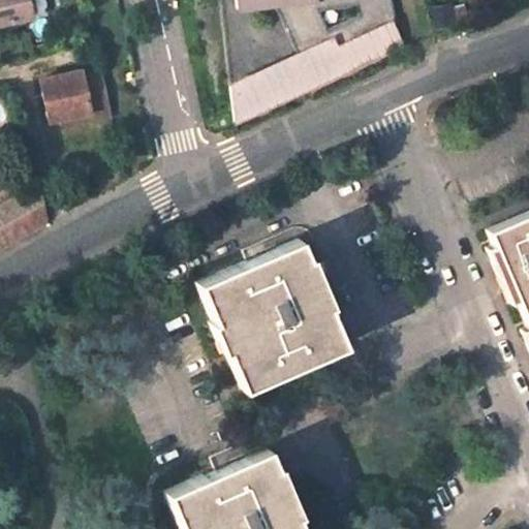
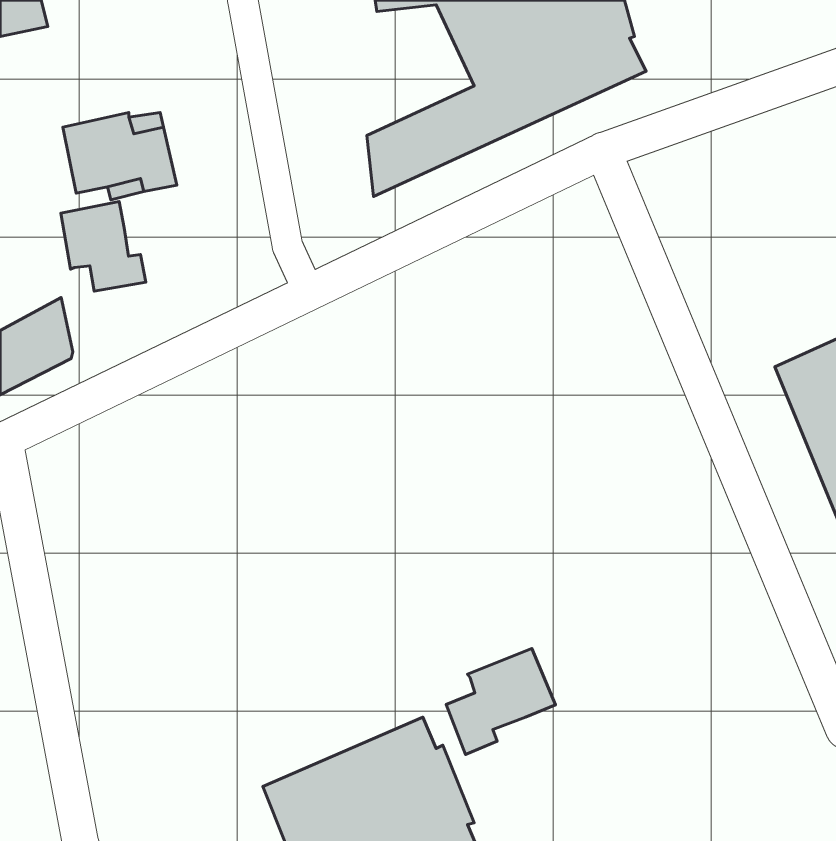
building: none -> [61,201,146,291]
building: [200,241,347,390] -> none
building: none -> [446,648,556,755]

